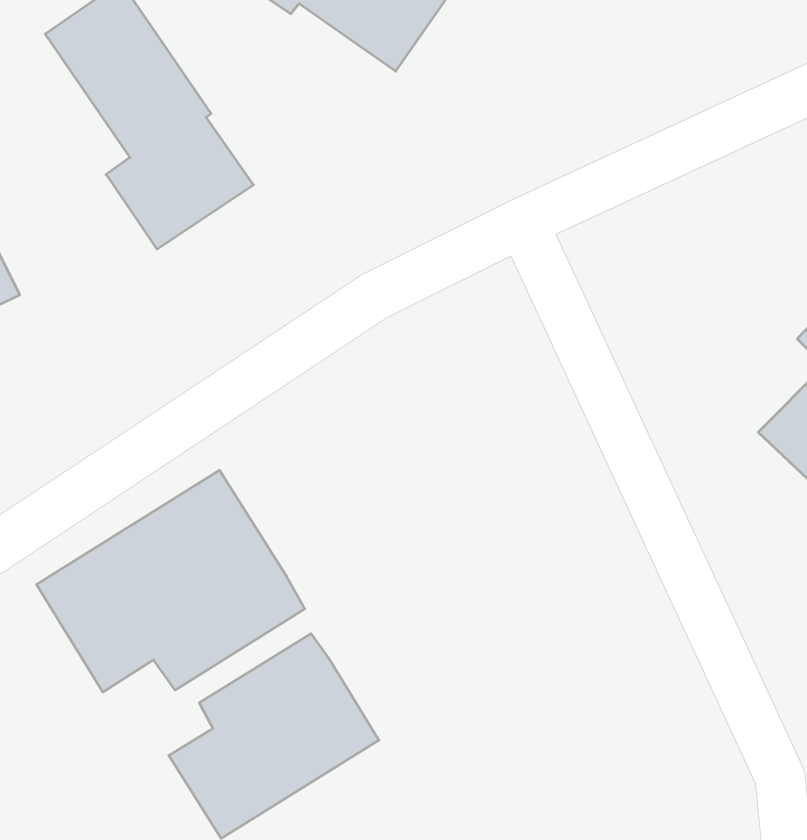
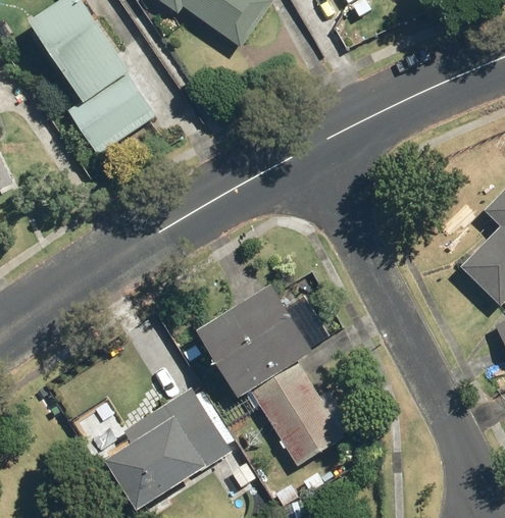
building: none -> [196,284,351,465]
building: [37,470,305,692] -> none

